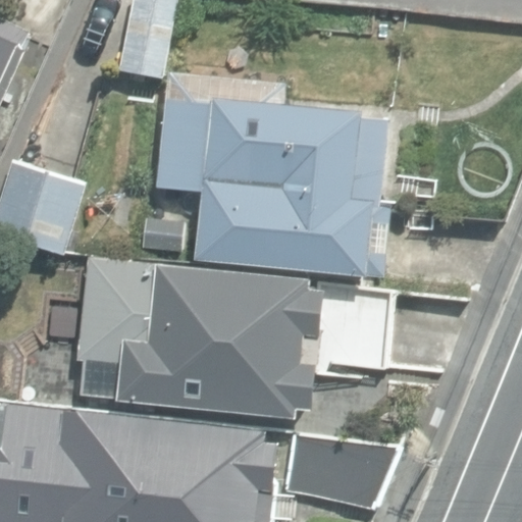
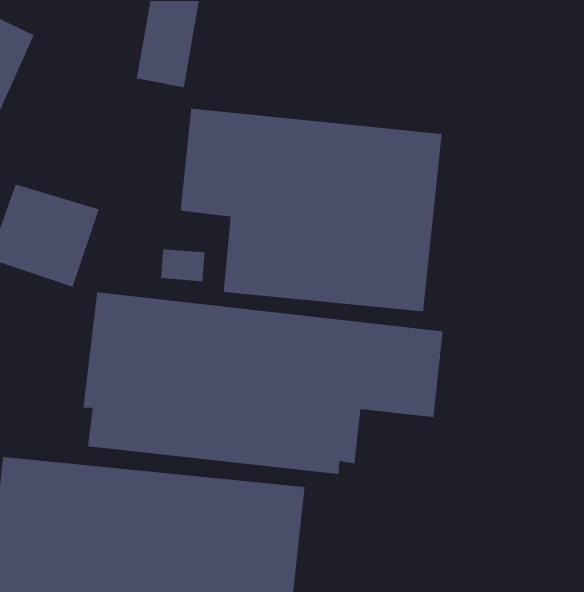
building: [278,428,403,507] -> none

